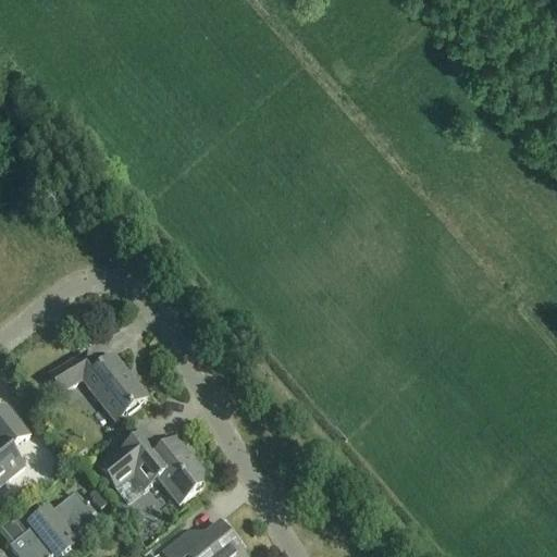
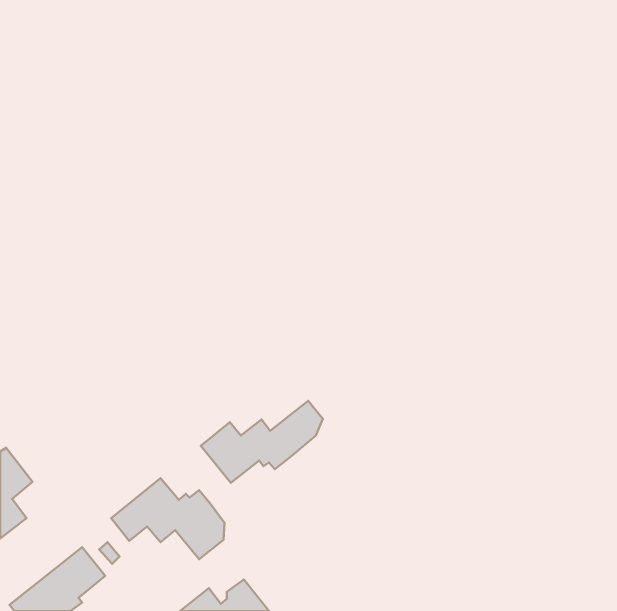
building: [50,351,147,421] -> none
building: none -> [201,401,323,483]

